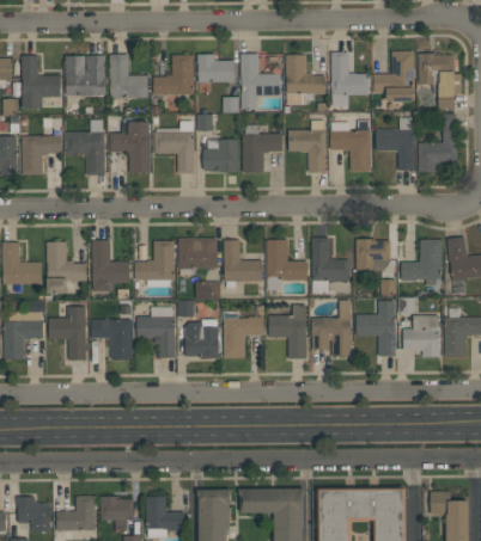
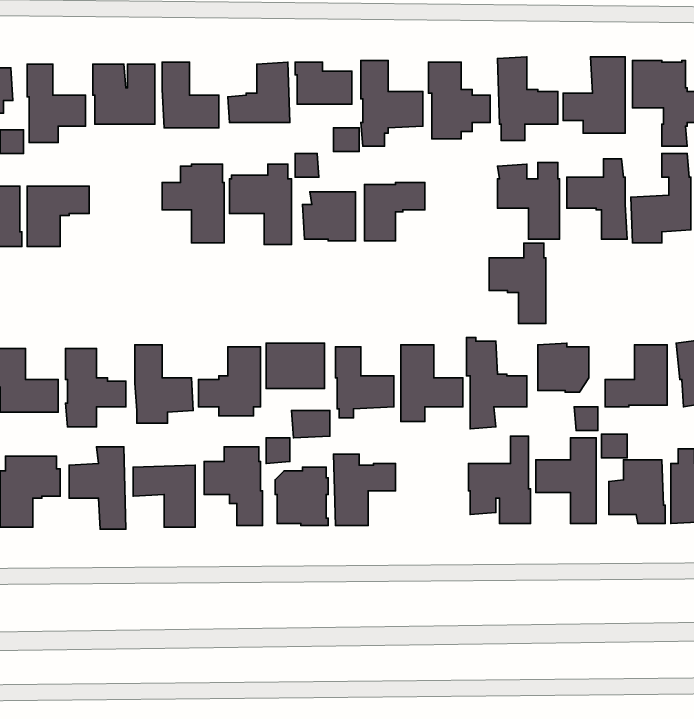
building: [66,121,104,176] -> none
building: [288,121,325,173] -> [489,243,546,323]
building: [268,305,306,358] -> none

